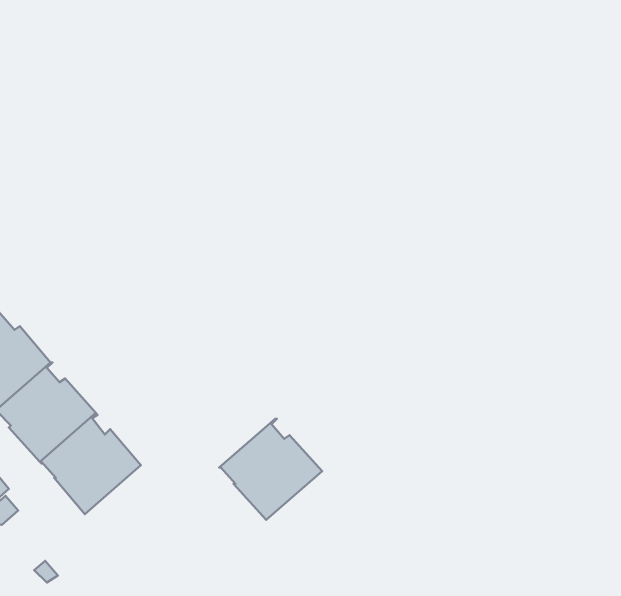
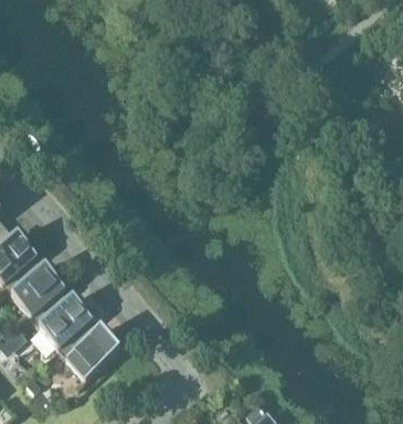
building: [219,419,322,520] -> [57,317,120,379]

